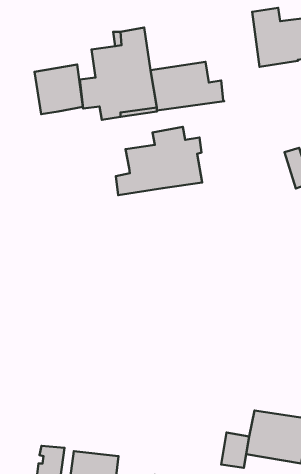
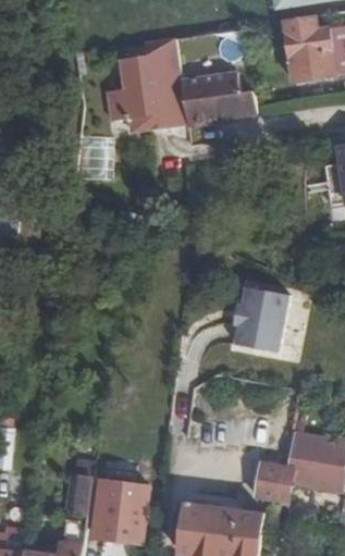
building: [35,65,83,114] -> none
building: [116,127,202,195] -> none
building: none -> [234,286,291,353]

